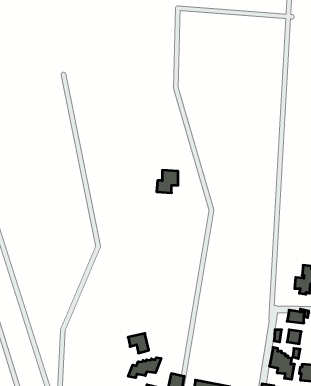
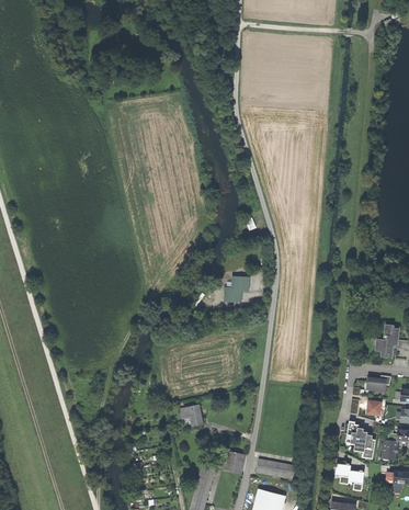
building: [157,170,178,193] -> [224,275,249,302]
building: [128,358,161,378] -> none

